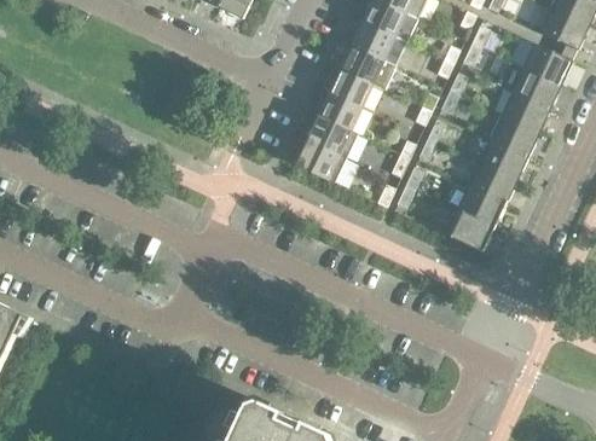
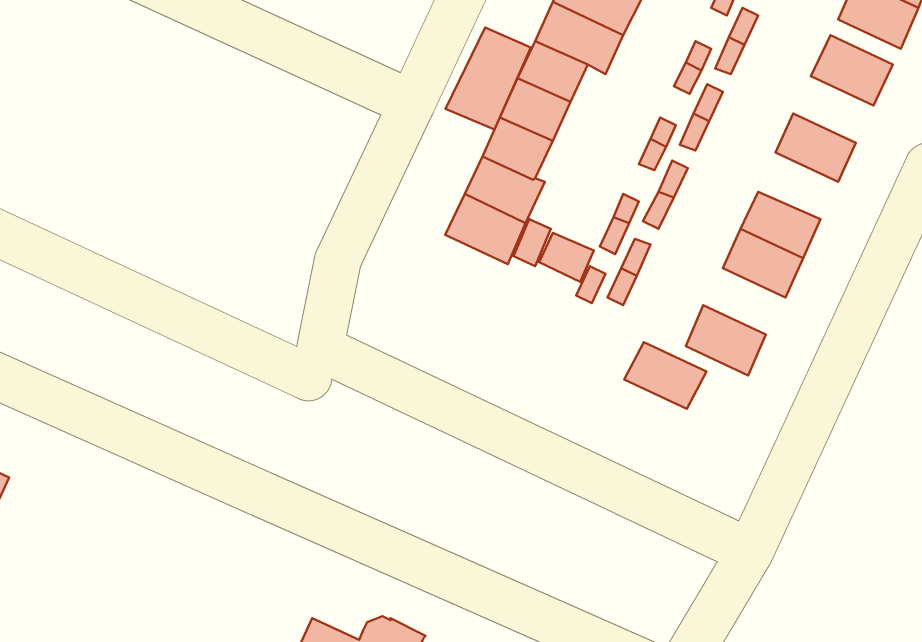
building: none -> [446,27,531,129]
building: [510,68,560,109] -> none
building: [488,115,538,156] -> none
building: [455,186,505,227] -> [624,342,706,409]

